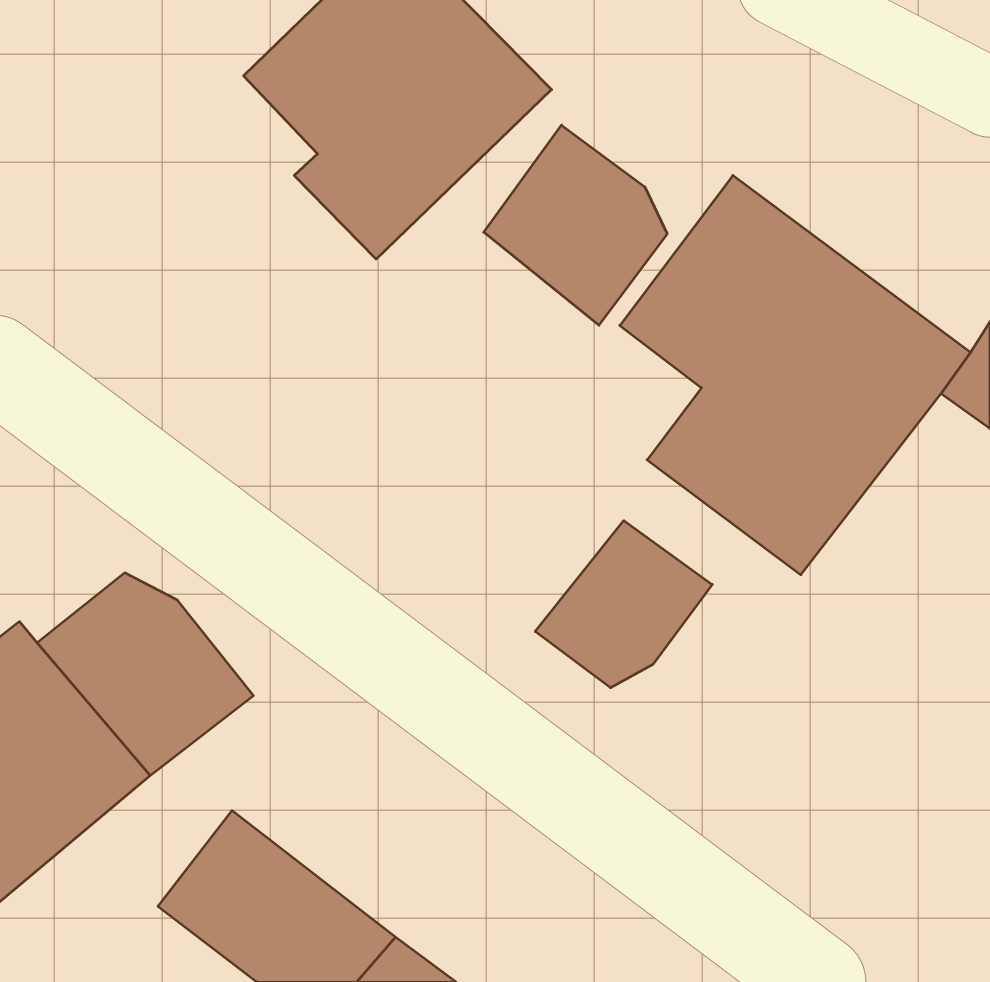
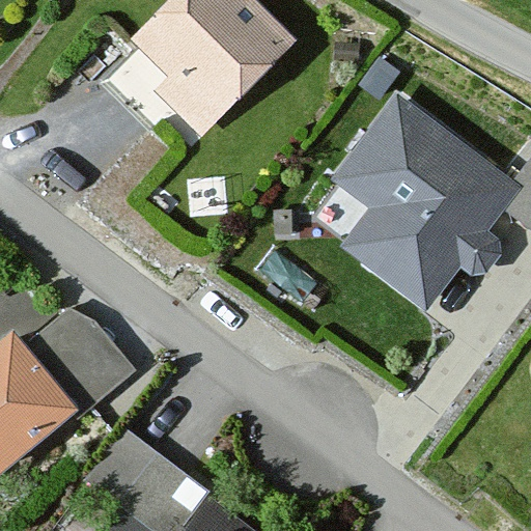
building: [484,125,667,325] -> none
building: [535,521,712,688] -> none

